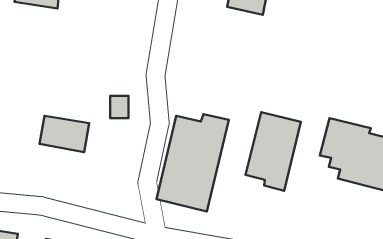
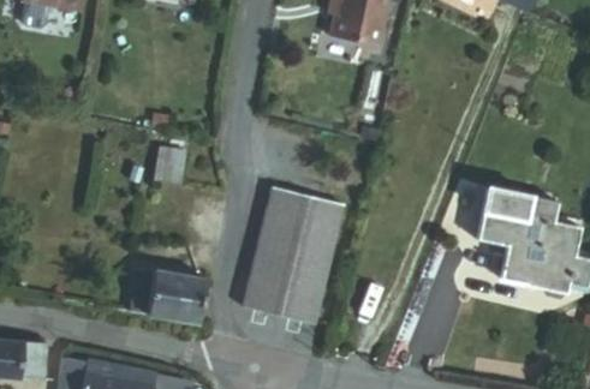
building: [245,112,301,191] -> none
building: [40,116,89,152] -> [142,269,214,322]

